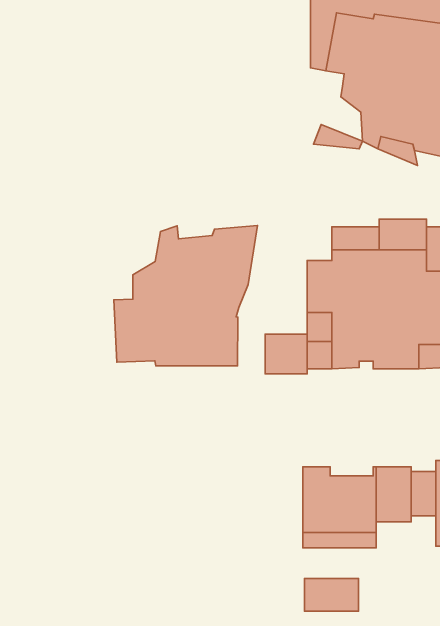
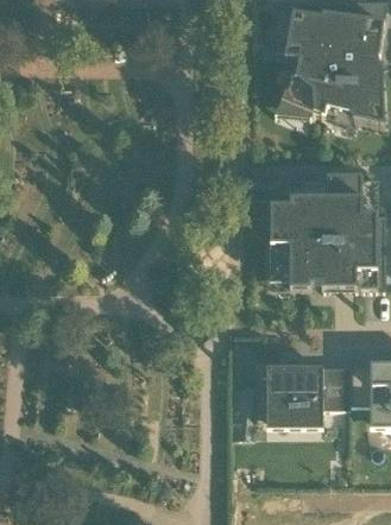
building: none -> [279,68,311,112]
building: [114,225,257,366] -> none
building: [265,334,307,374] -> none
building: [304,578,359,611] -> none

